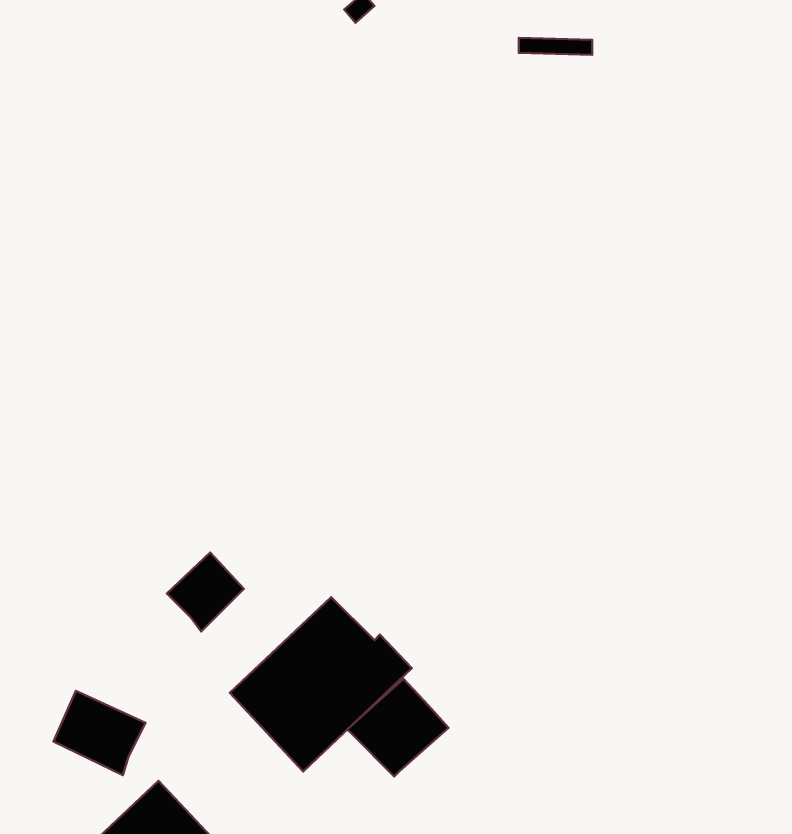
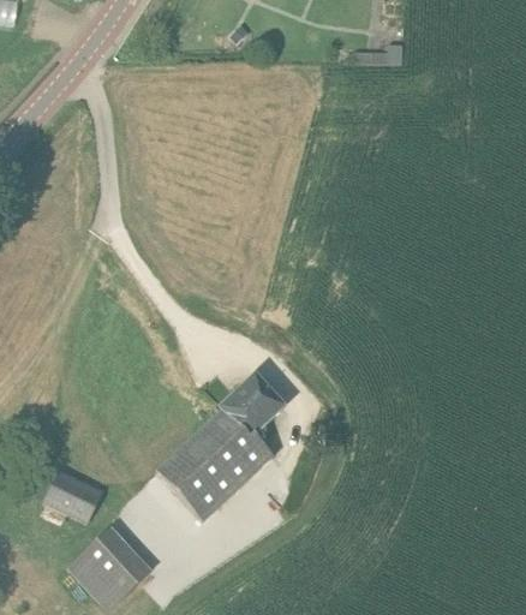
building: [167,553,244,631] -> none
building: [347,679,449,776] -> [219,375,283,437]

